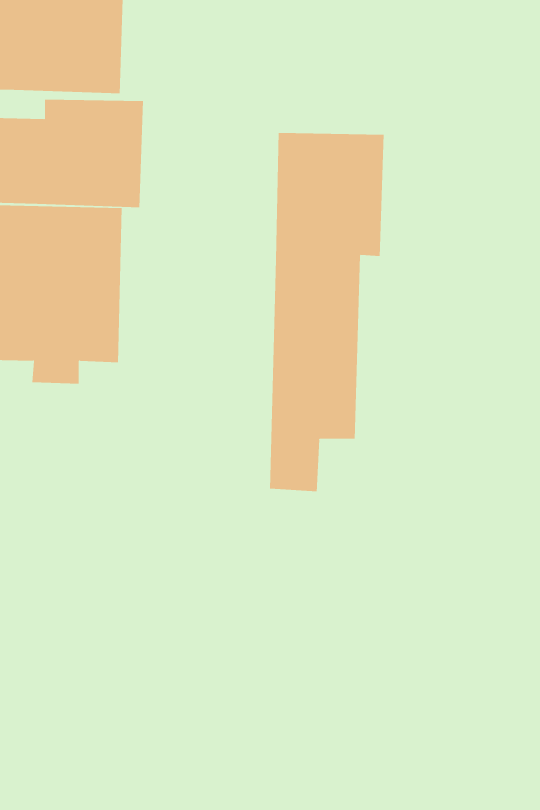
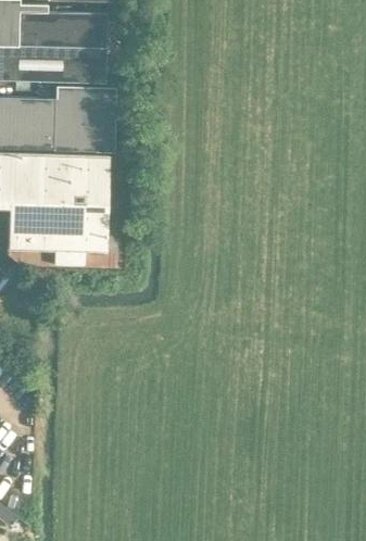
building: [270,132,384,492] -> none

